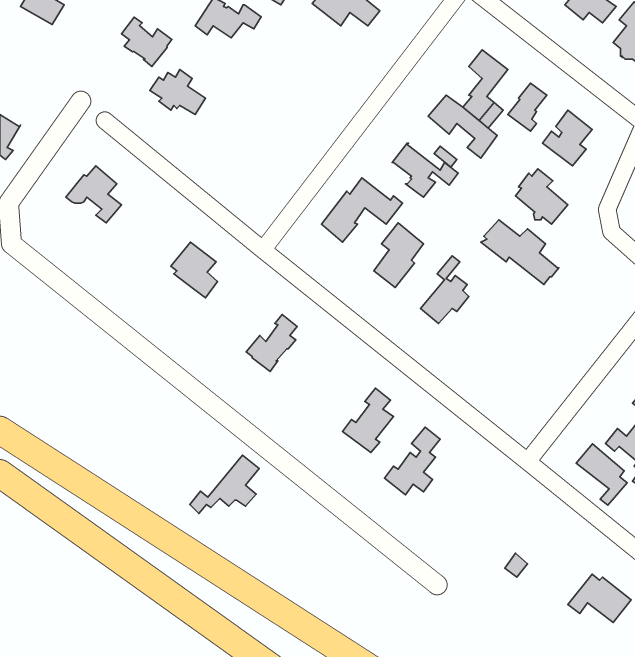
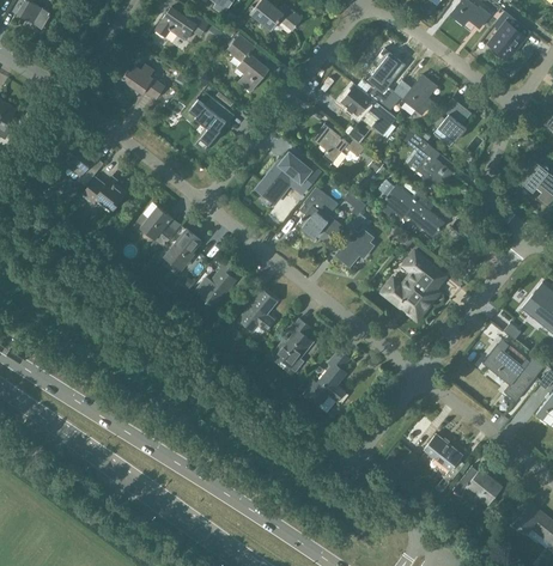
building: [121,17,172,67] -> none
building: none -> [227,35,269,91]
building: none -> [189,96,232,151]
building: none -> [83,177,126,209]
building: none -> [168,229,201,266]
building: none -> [383,250,446,319]
building: [576,444,627,505] -> [424,433,464,482]
building: [190,455,259,514] -> [221,290,276,336]

